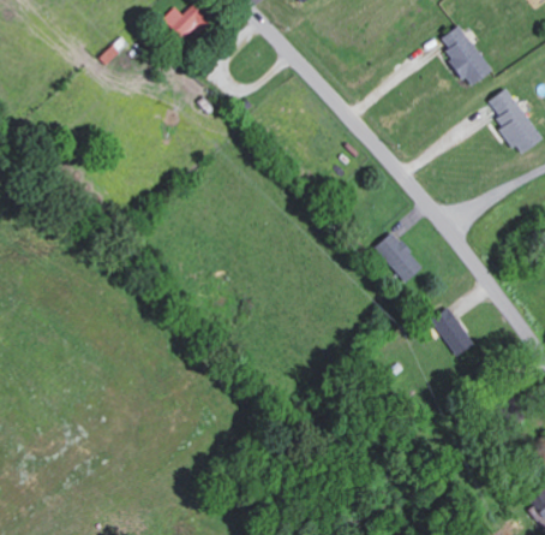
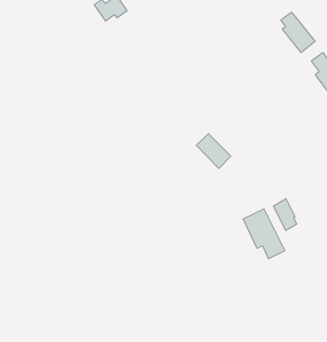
building: [373,233,425,285] -> [196,134,231,168]
building: none -> [243,209,285,259]

